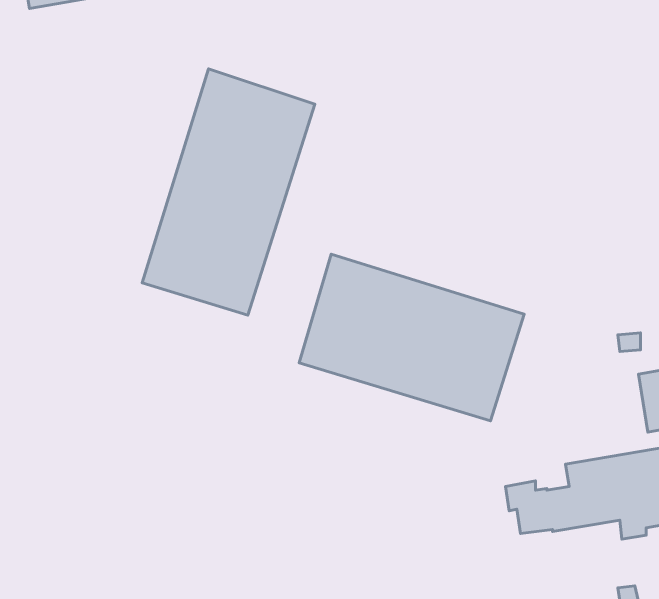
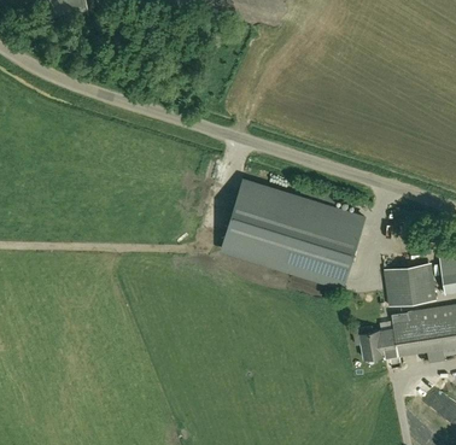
building: [142,69,315,315] -> none
building: none -> [385,264,435,306]

